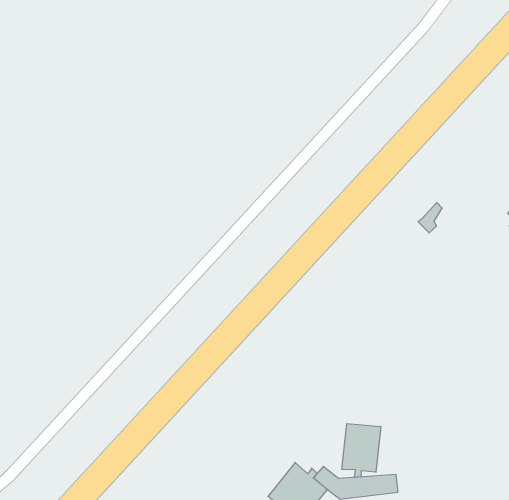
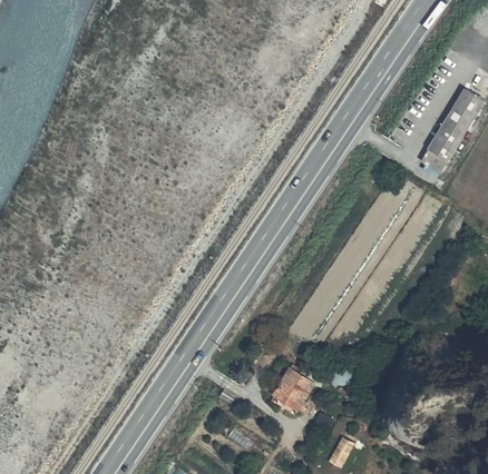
building: [342,424,381,477] -> none

